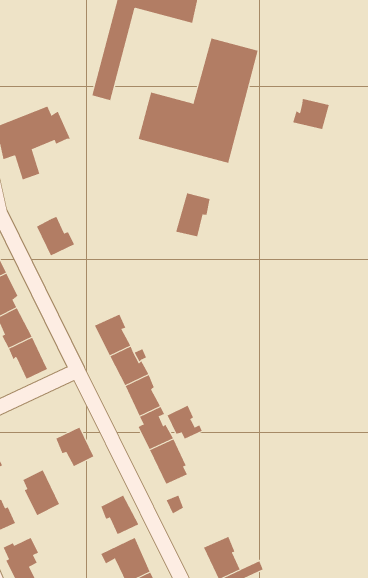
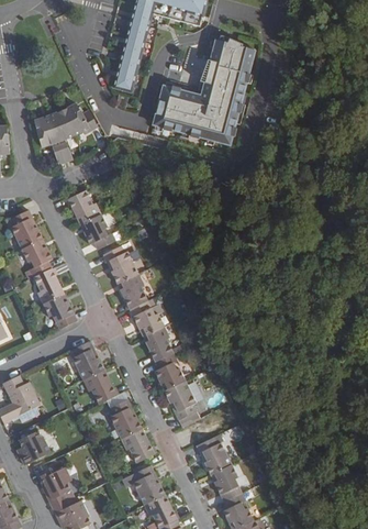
building: [292,98,329,130] -> none
building: [176,192,210,237] -> none
building: none -> [79,214,114,250]
building: none -> [102,245,138,284]
building: none -> [71,341,104,381]
building: [167,405,203,440] -> none
building: [23,470,60,516] -> [110,399,142,439]
building: none -> [197,437,232,474]

